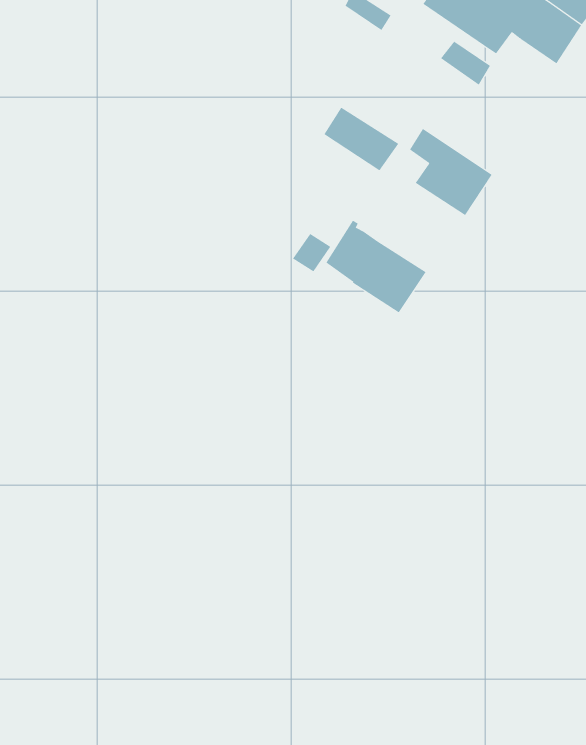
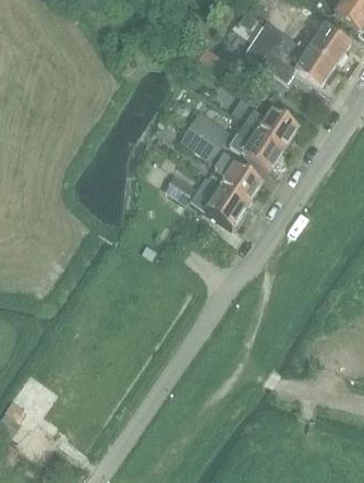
building: none -> [244,99,299,148]
building: none -> [179,125,220,161]
building: none -> [207,155,262,203]

